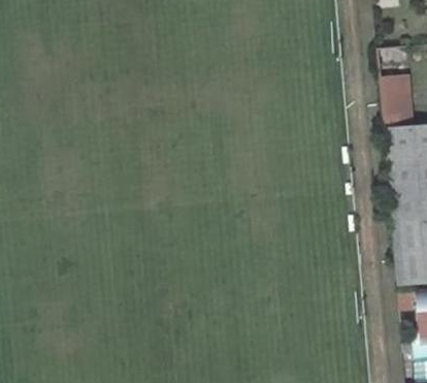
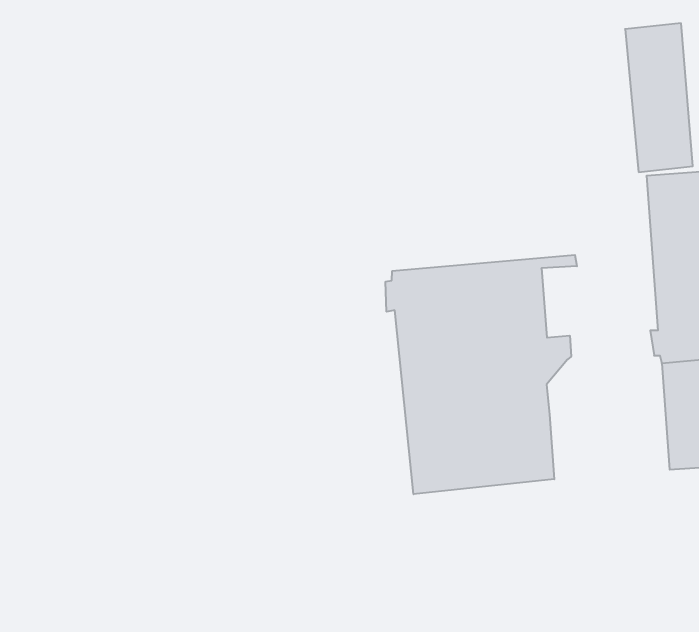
building: none -> [386,255,577,494]

